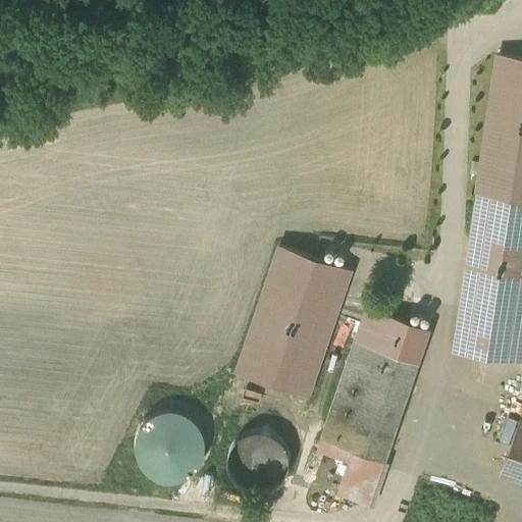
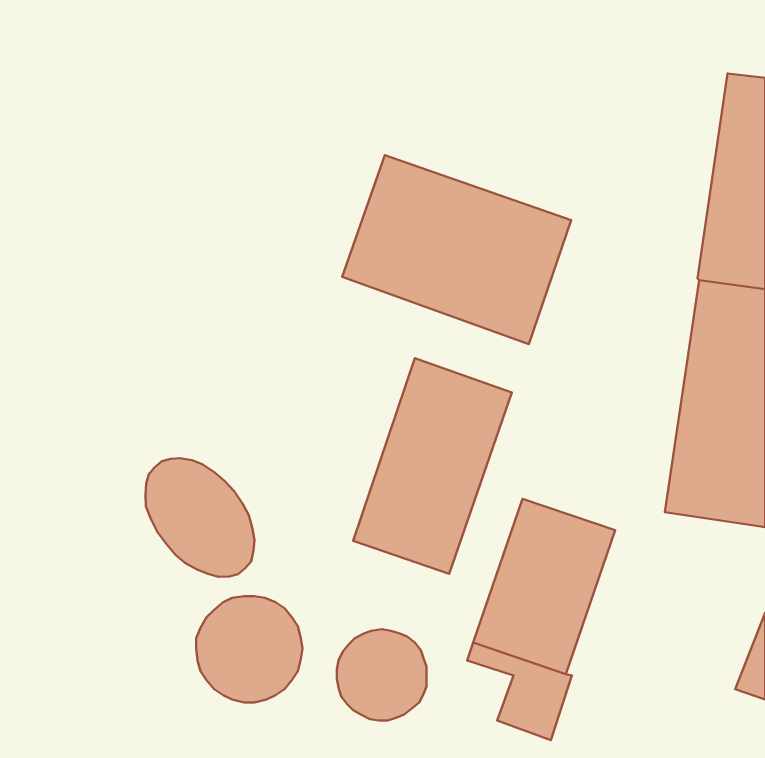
building: none -> [342,155,571,344]
building: [356,311,430,366] -> none
building: none -> [145,458,255,577]

